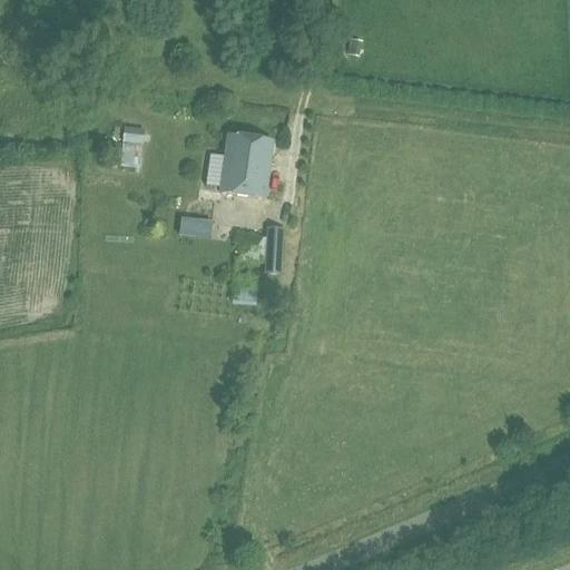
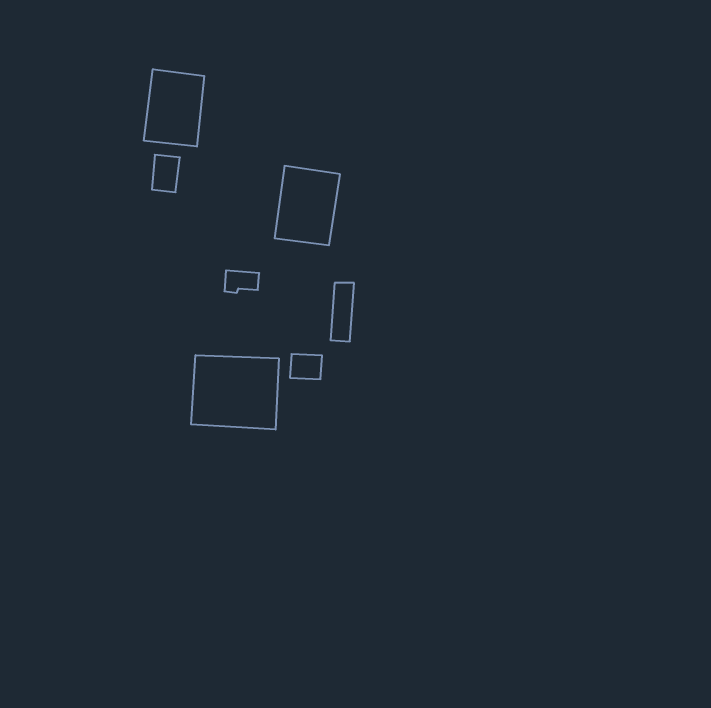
building: none -> [144,69,204,147]
building: none -> [191,355,279,430]

